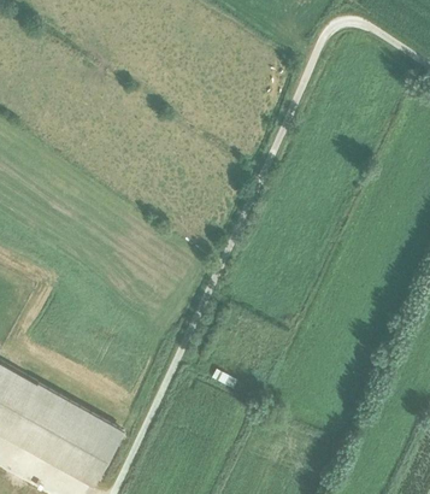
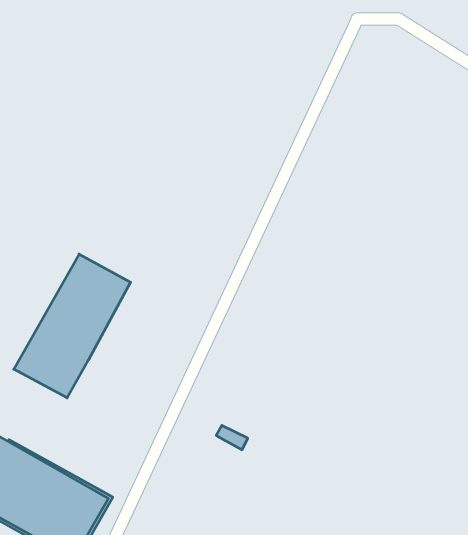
building: none -> [14,254,131,398]

